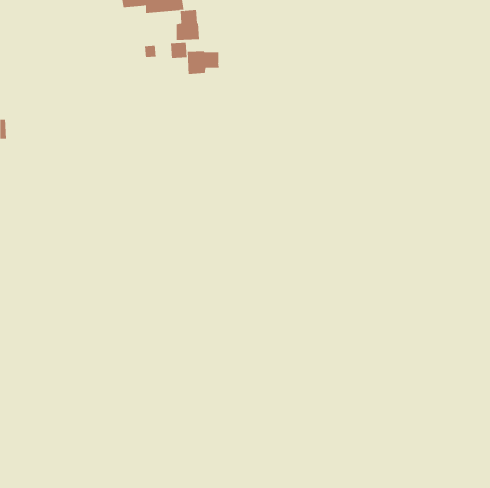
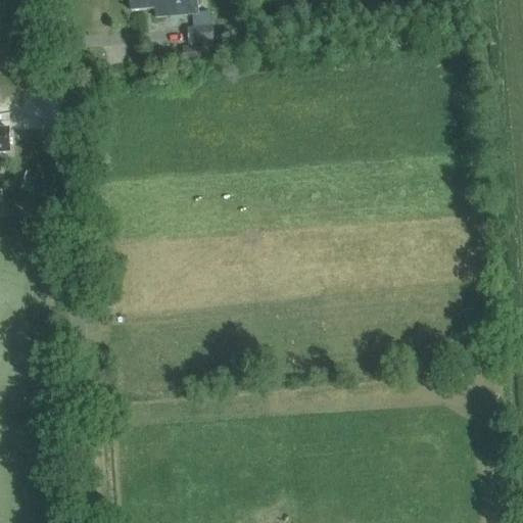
building: [187,51,219,75] -> none

